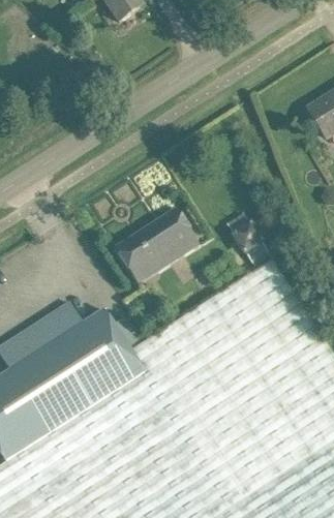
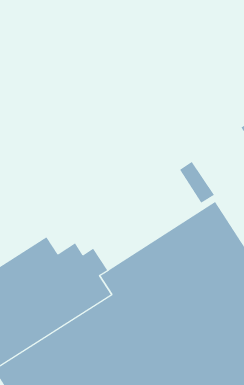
building: [116,210,199,283] -> none

